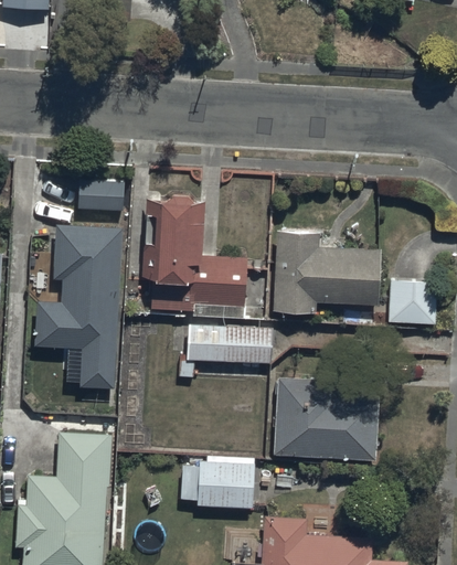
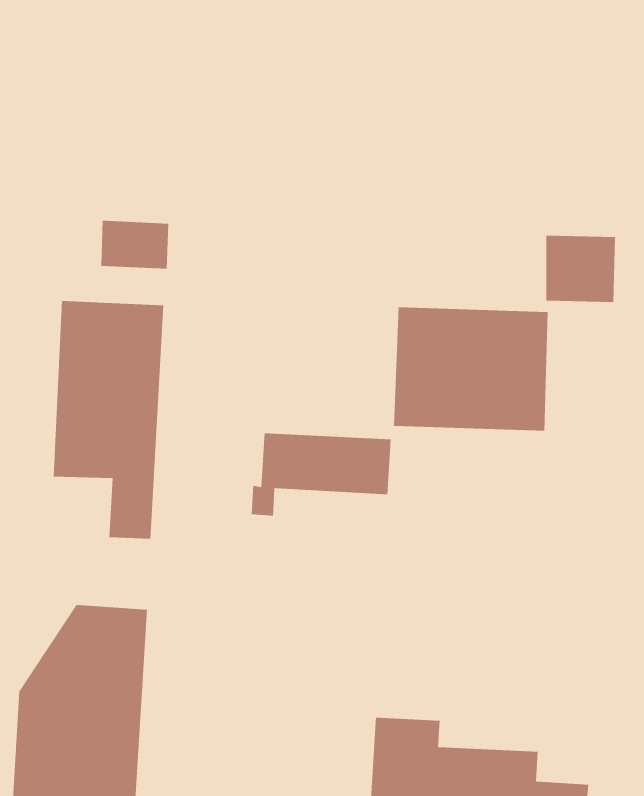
building: [142,198,252,313] -> none
building: [387,274,435,319] -> [546,235,616,302]
building: [274,379,382,463] -> none
building: [180,457,253,503] -> none

